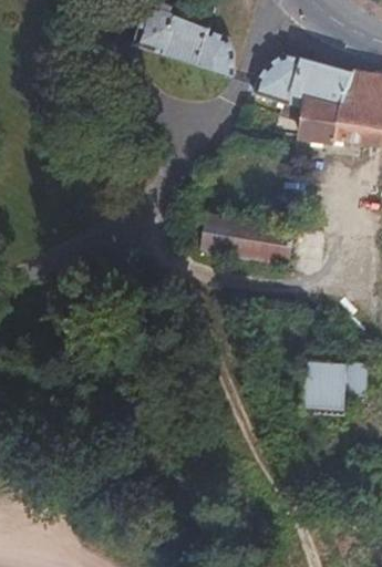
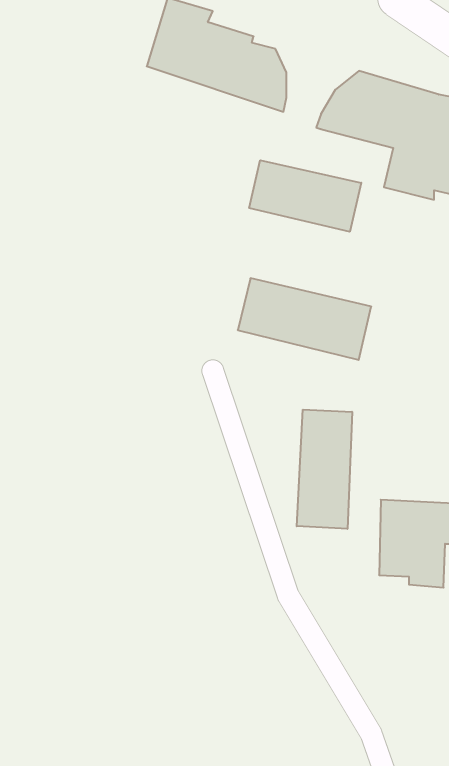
building: none -> [249,160,361,232]
building: none -> [297,410,352,529]

